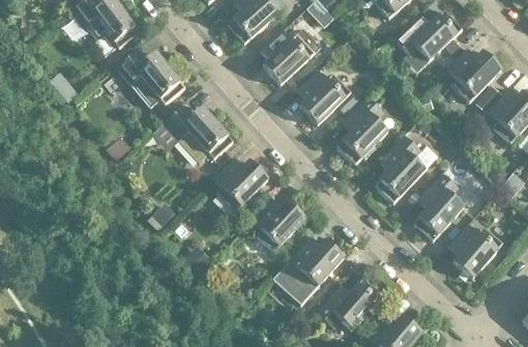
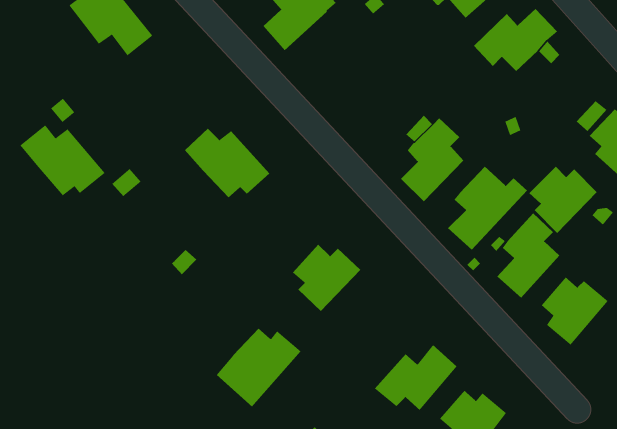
building: [261,29,320,85] -> none
building: [446,49,501,103] -> [529,166,597,234]
building: [117,50,185,107] -> [20,125,105,196]
building: [297,70,351,125] -> none
building: [213,157,268,211] -> none
building: [275,238,344,301] -> [216,328,302,407]

